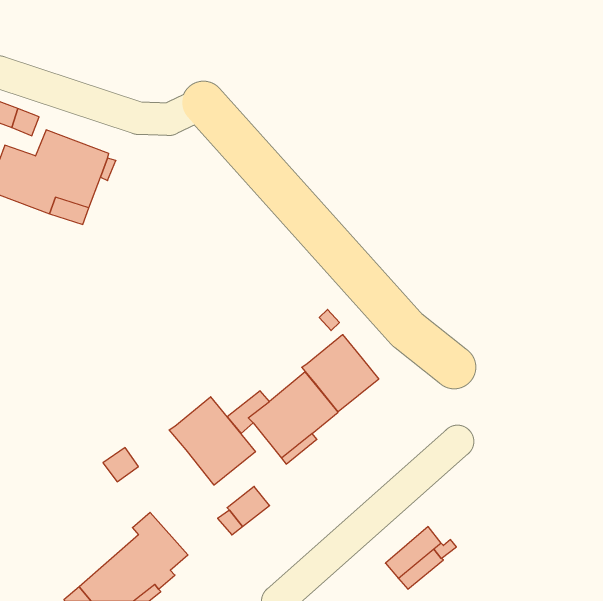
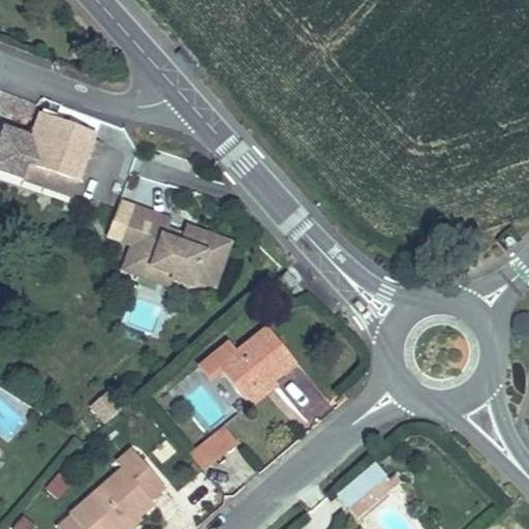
building: none -> [117,203,231,289]
building: [302,335,379,412] -> none
building: [169,397,255,485] -> none

